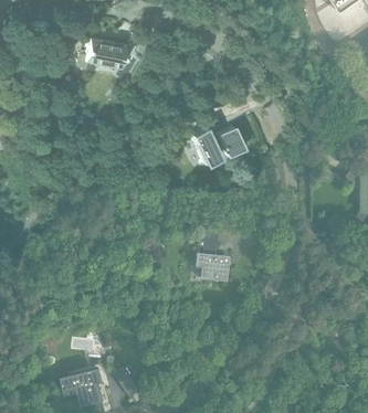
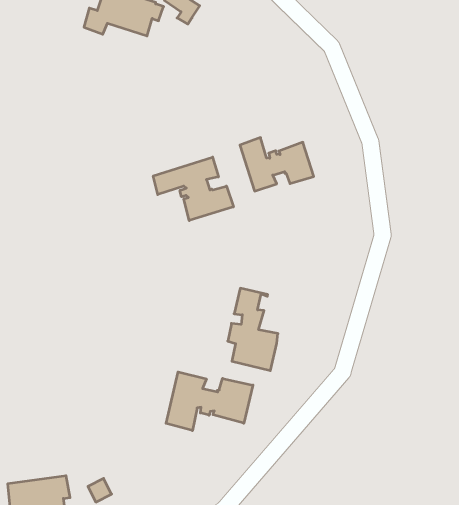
building: none -> [153,157,233,221]
building: none -> [166,372,253,431]

